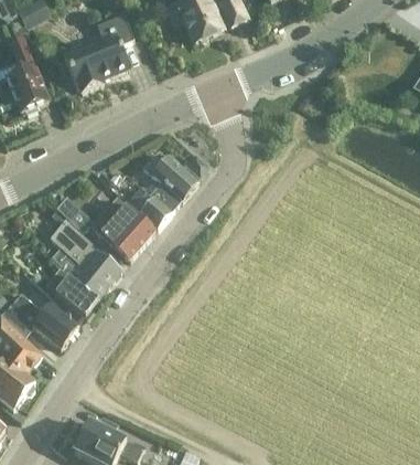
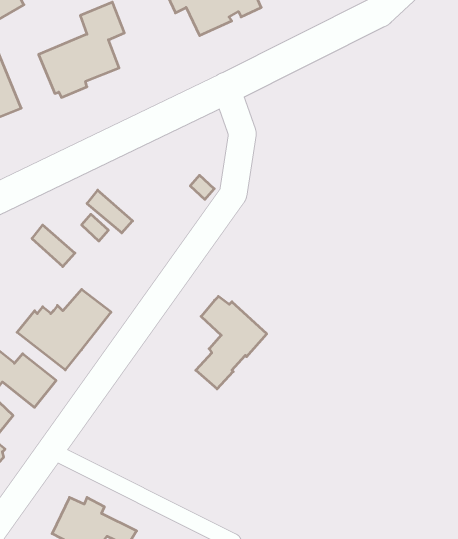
building: [140,149,198,225] -> [196,296,267,389]
building: [101,204,154,257] -> none
building: [50,215,98,265] -> none

